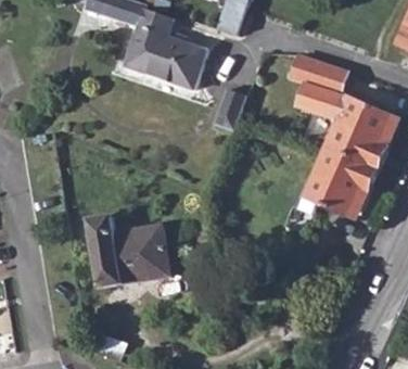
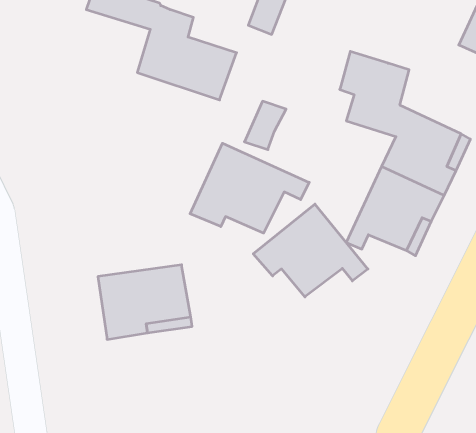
building: none -> [190,143,309,233]
building: none -> [253,204,368,297]

